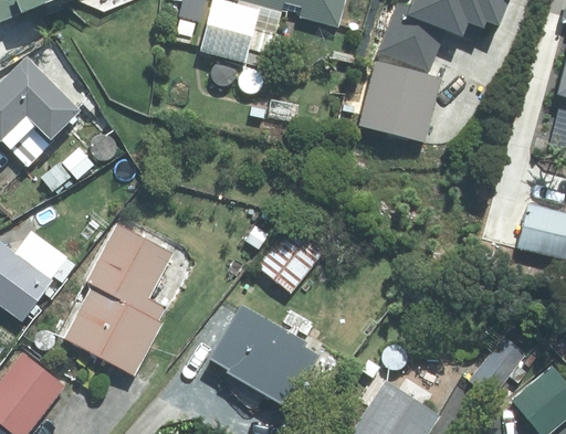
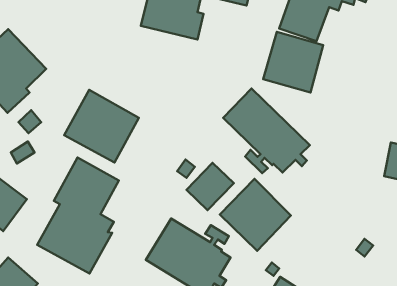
building: none -> [223,89,310,173]
building: none -> [64,90,139,163]
building: none -> [220,179,291,251]

